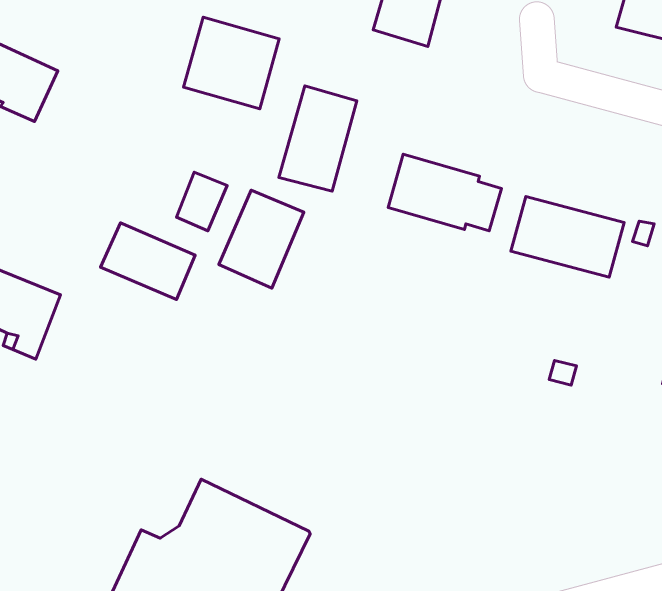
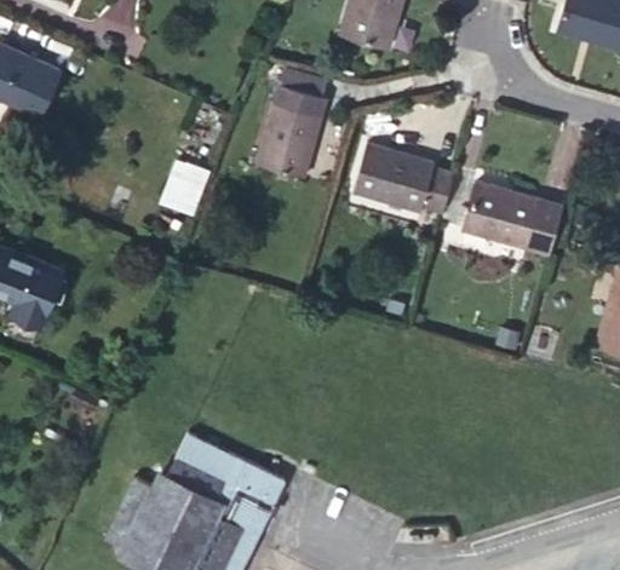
building: [184,17,279,109] -> none
building: [219,190,304,288] -> none
building: [100,223,195,299] -> none

